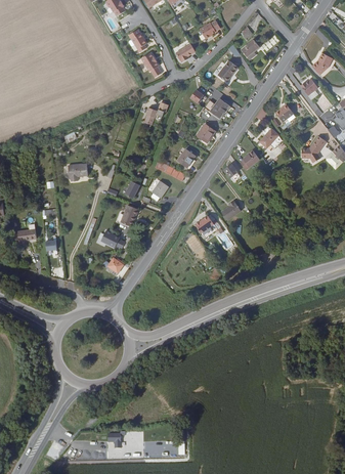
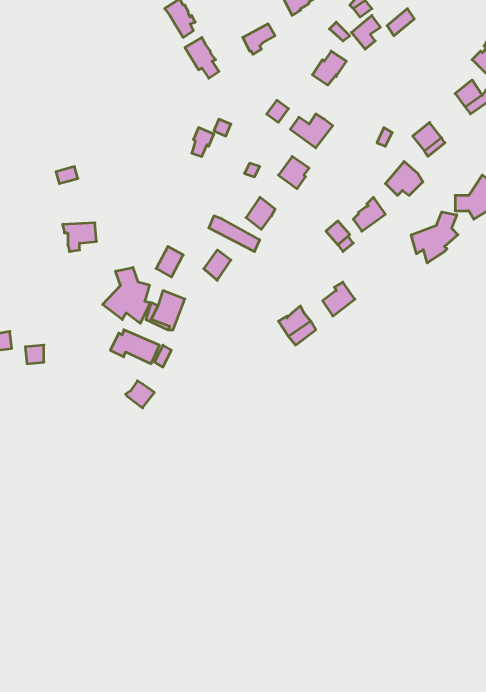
building: none -> [411,212,458,263]
building: none -> [103,267,149,323]

